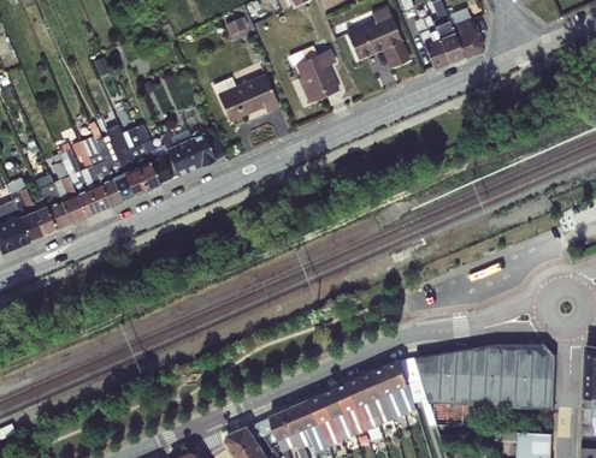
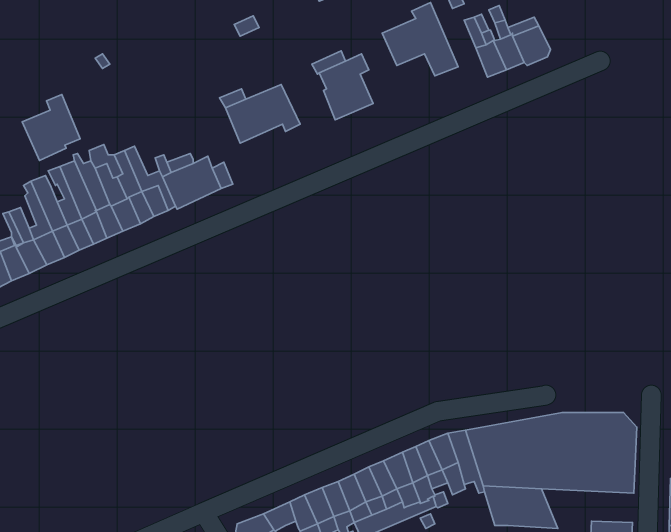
building: none -> [22,95,80,161]

